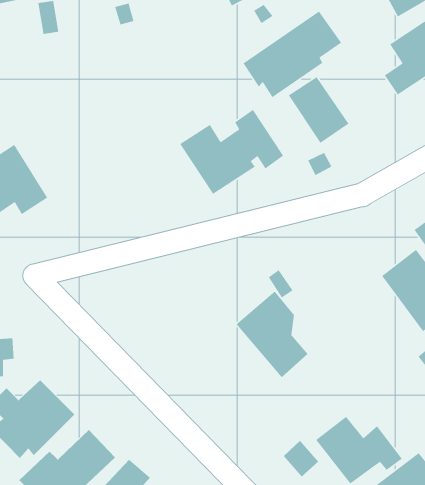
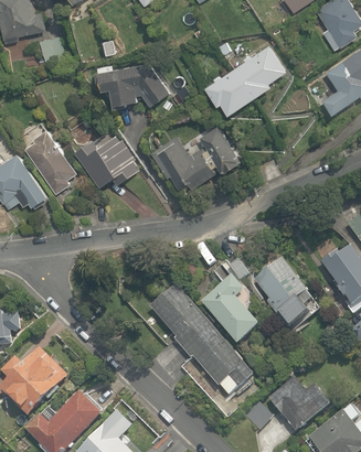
building: none -> [97,62,168,108]
building: [288,76,349,144] -> none
building: none -> [25,130,77,191]
building: none -> [76,133,140,186]
building: none -> [252,255,321,331]
building: none -> [147,286,253,398]

